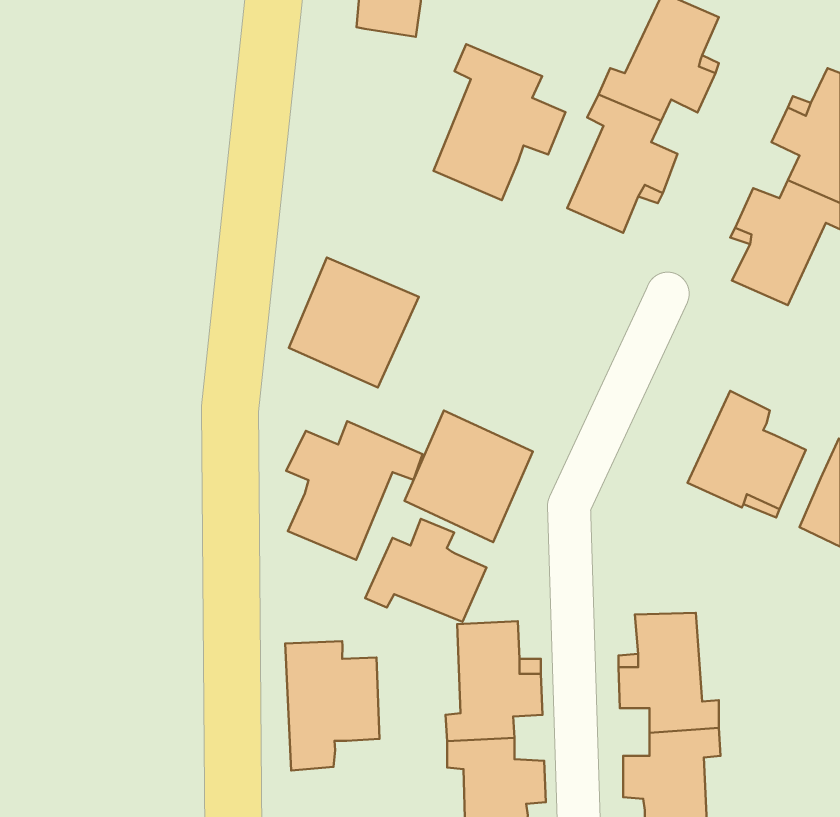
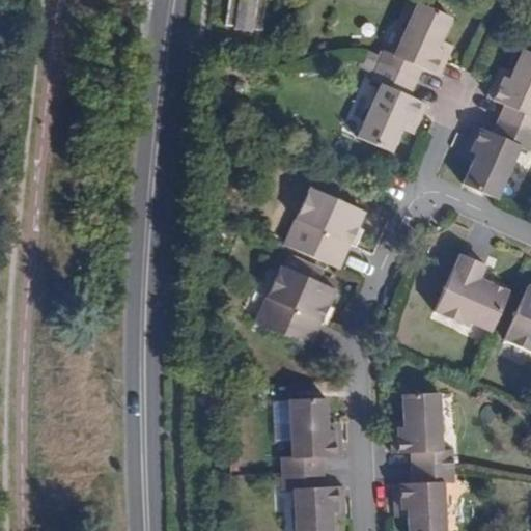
building: [433,44,566,200] -> none
building: [289,257,419,387] -> [284,187,366,269]
building: [286,421,423,560] -> none
building: [365,519,486,622] -> none
building: [285,641,380,771] -> none

